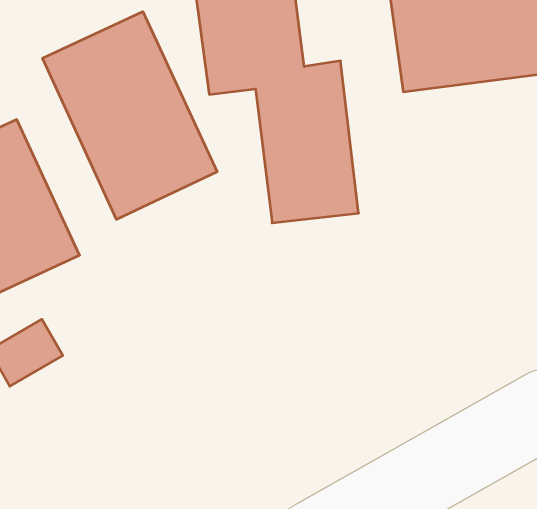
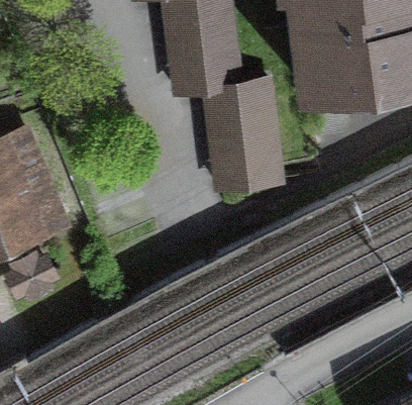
building: [43,12,217,219] -> none

